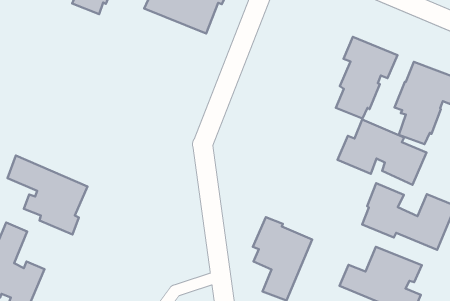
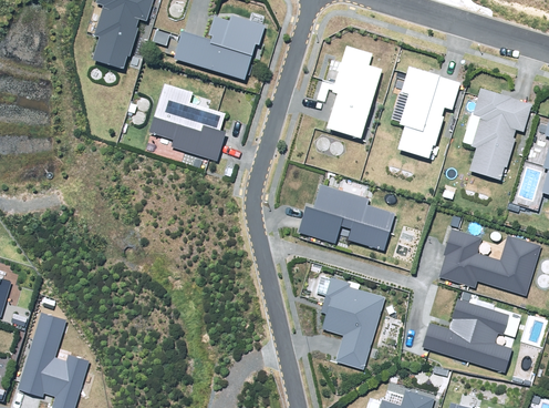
building: none -> [327,47,383,139]
building: none -> [148,84,226,161]
building: [338,119,427,185] -> [298,184,396,252]
building: [7,156,88,234] -> none

